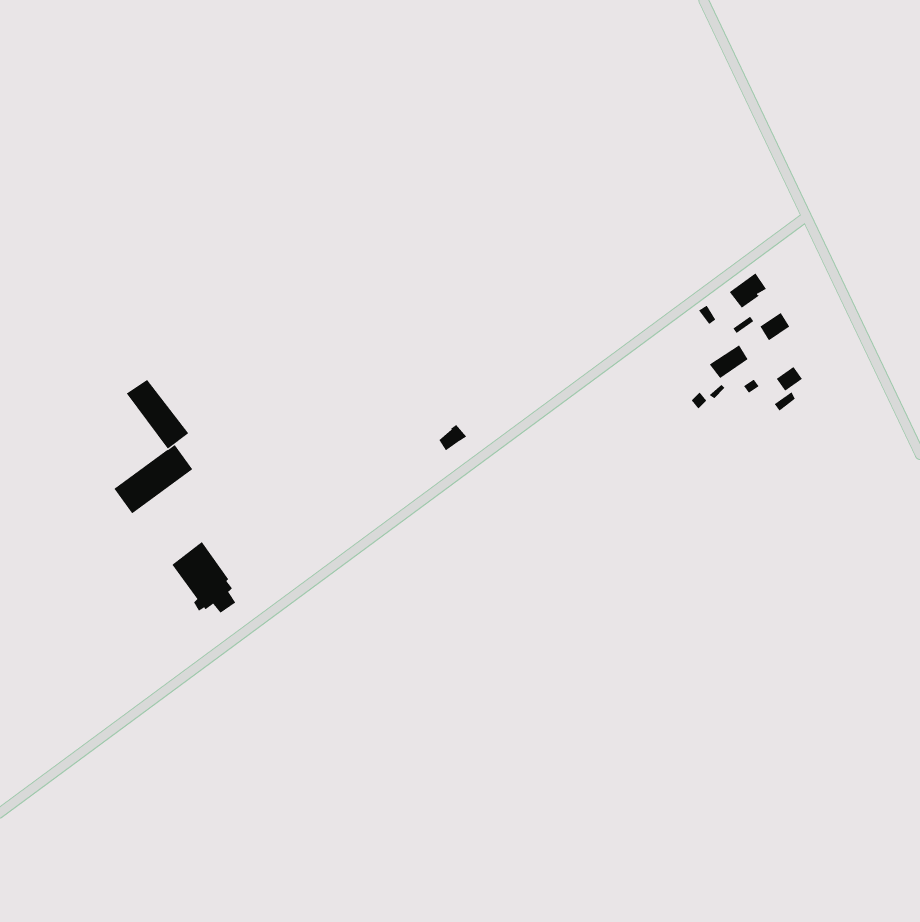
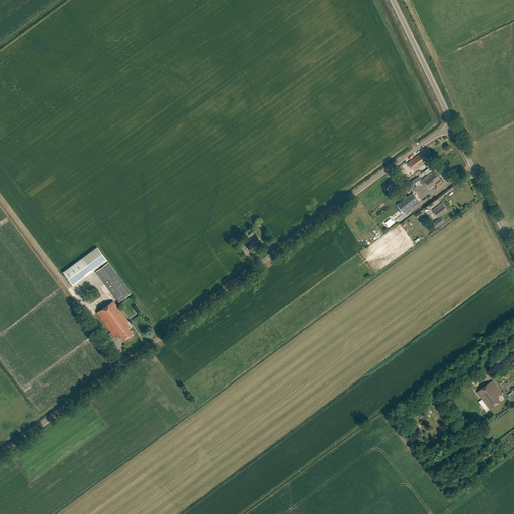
building: [126,379,189,449] -> [95,263,131,302]
building: none -> [477,381,501,410]

